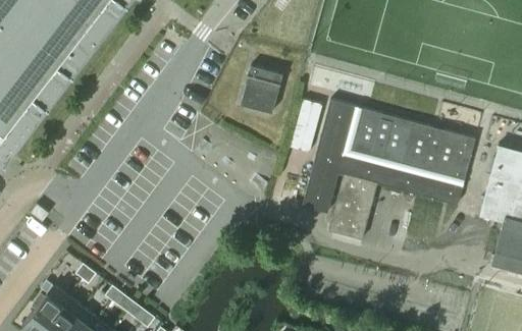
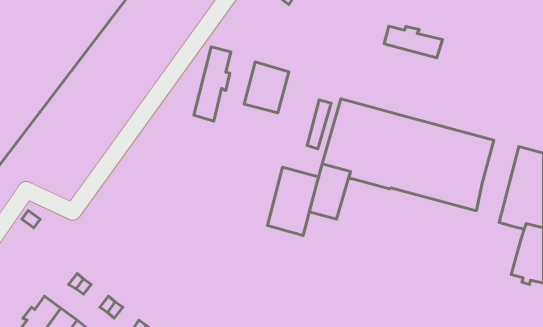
building: none -> [384,26,443,58]
building: none -> [194,47,231,121]
building: [328,175,376,239] -> [267,167,318,235]

